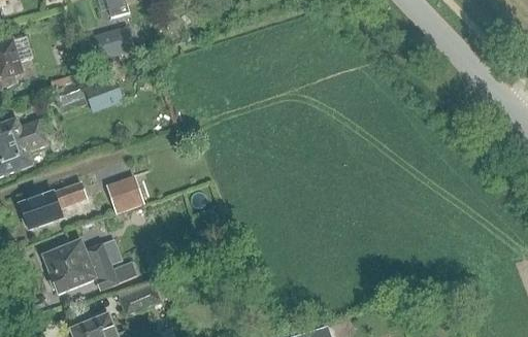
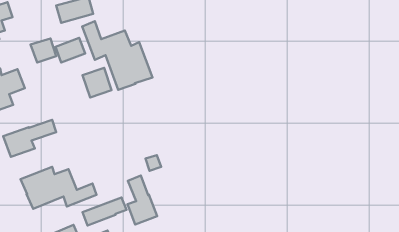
building: none -> [82,21,152,90]
building: [106,174,142,211] -> [83,68,112,98]
building: none -> [127,176,157,224]

